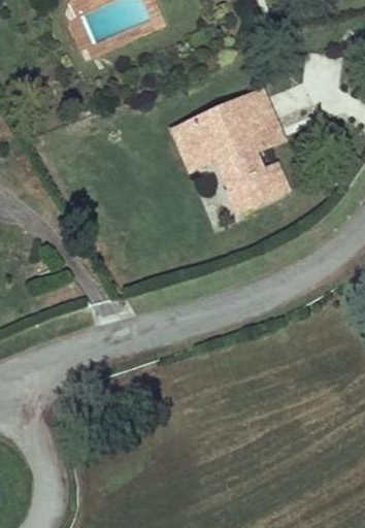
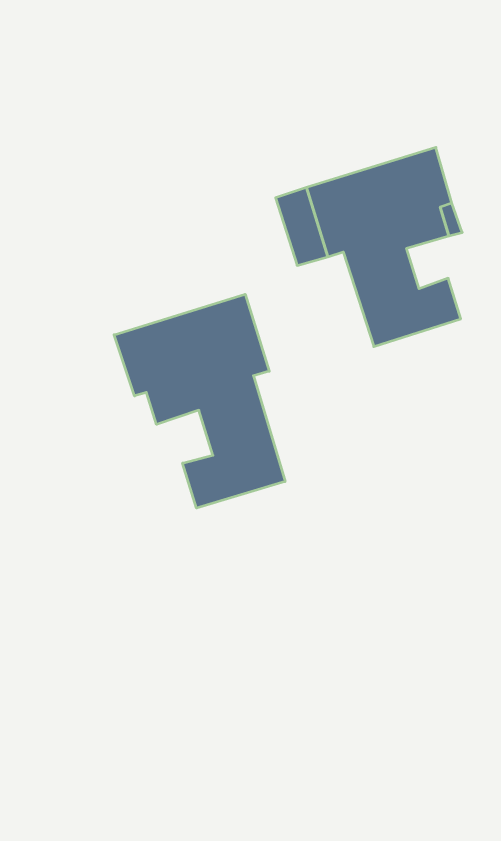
building: none -> [114,294,285,508]

